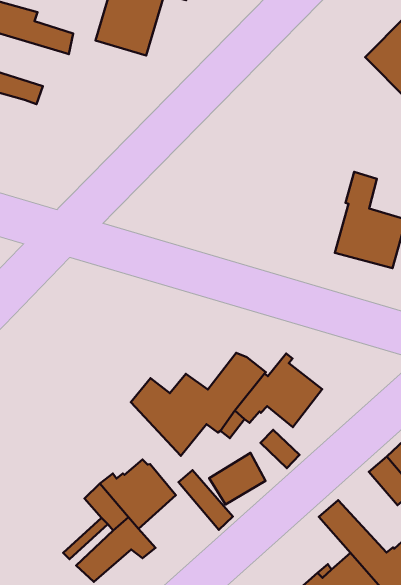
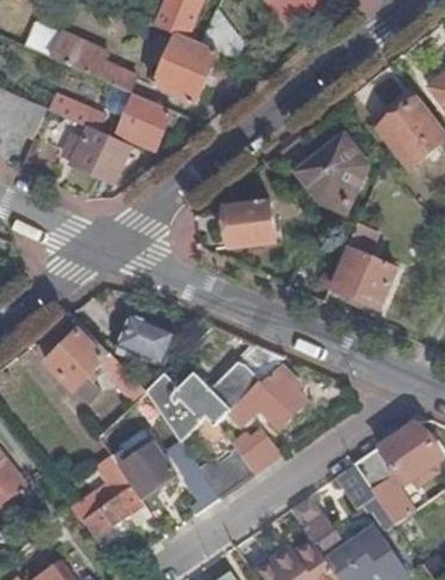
building: none -> [119,91,173,149]
building: none -> [300,135,366,211]
building: none -> [72,126,130,182]
building: none -> [224,201,273,247]
building: none -> [114,314,174,363]
building: none -> [47,326,144,403]

